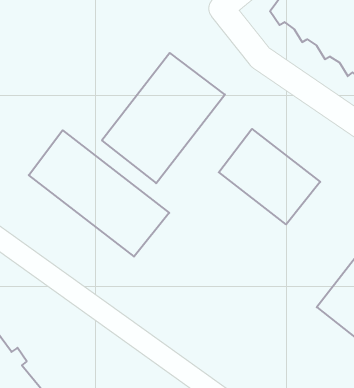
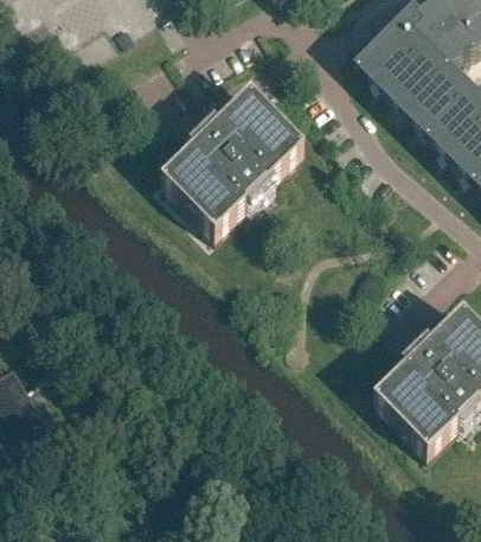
building: [219,129,320,224] -> none
building: [29,130,169,257] -> none

